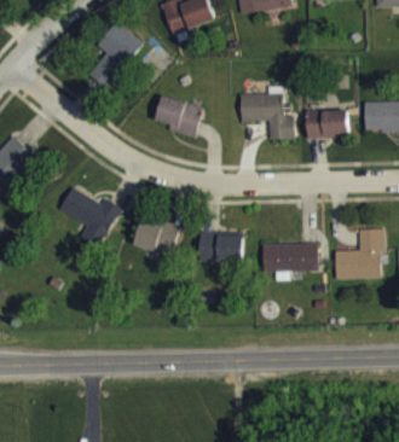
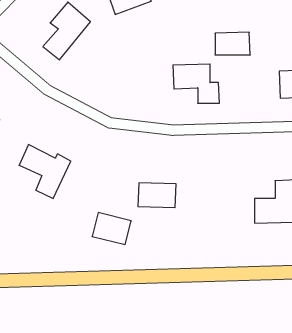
building: [155,95,203,138] -> none
building: [307,110,348,136] -> [215,32,250,55]
building: [133,217,179,255] -> [92,213,131,245]
building: [262,243,319,272] -> none

